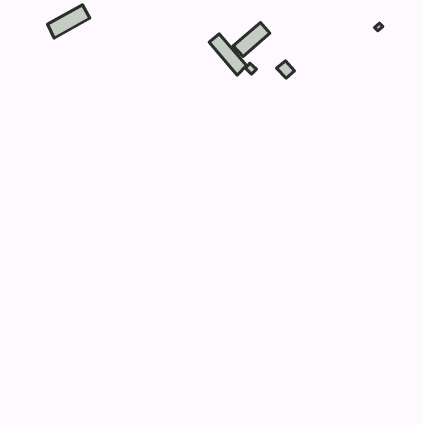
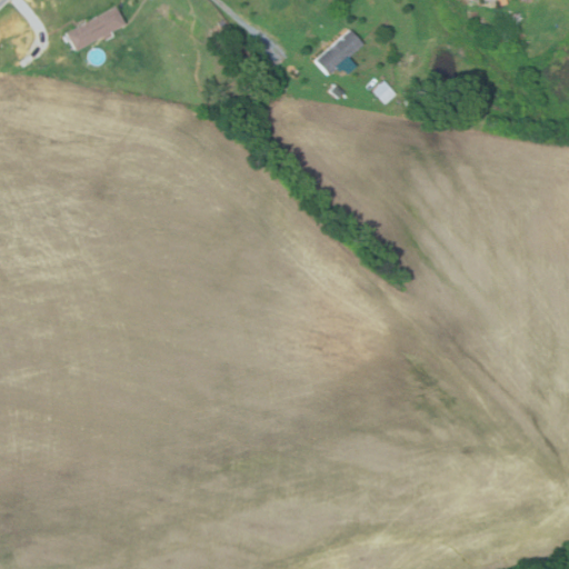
building: [209,34,247,75] -> none

